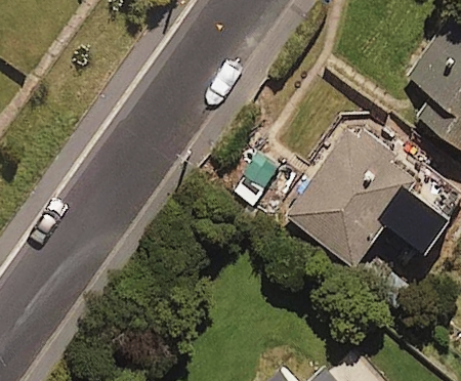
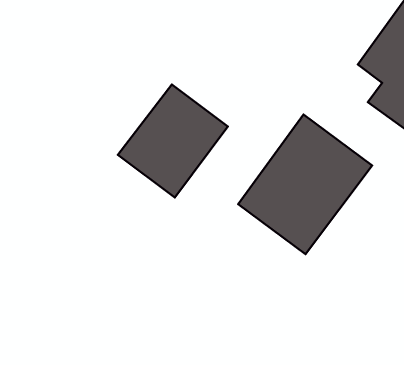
building: none -> [118,85,228,197]

